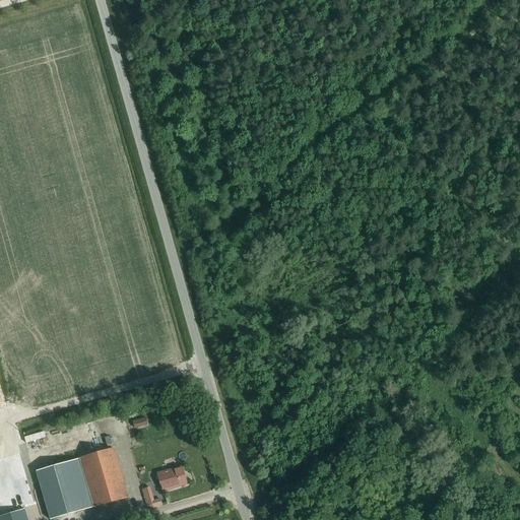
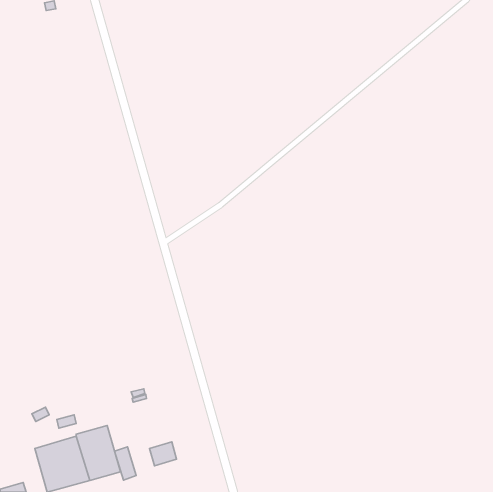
building: none -> [115,447,136,480]

